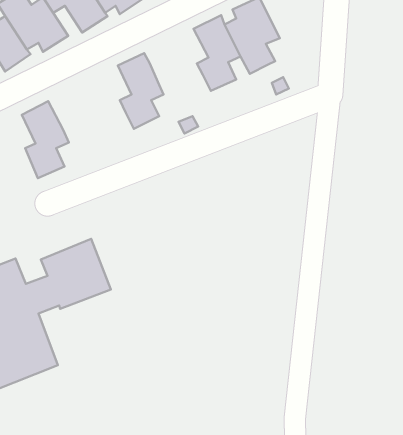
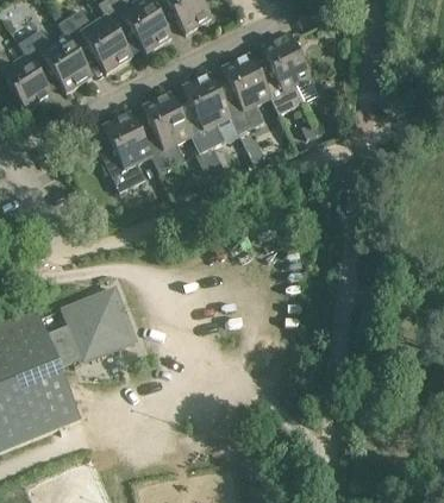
building: none -> [182,74,231,152]
building: [22,101,69,178] -> [102,113,151,193]

